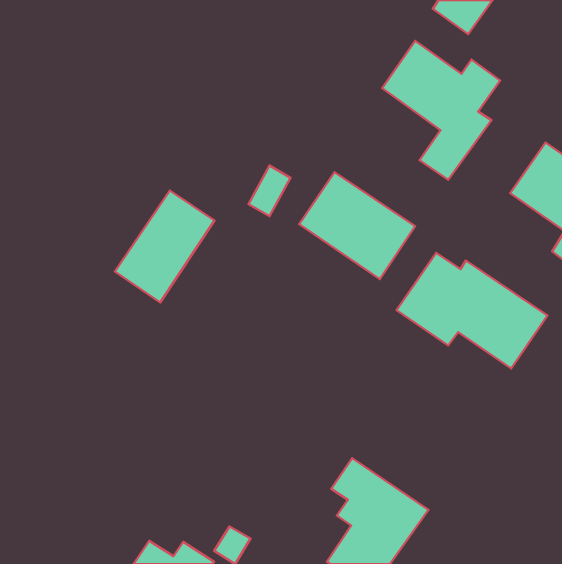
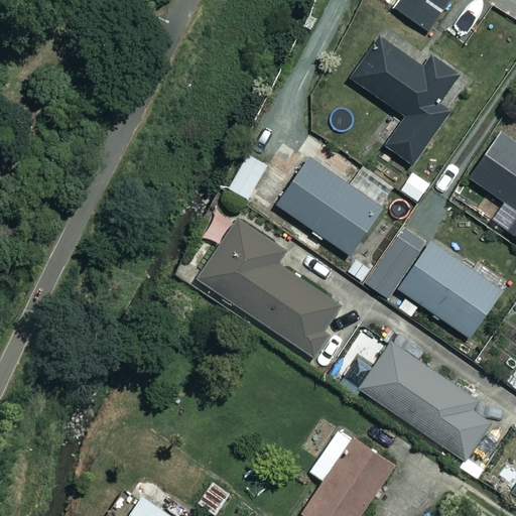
building: [115,191,215,303] -> none
building: none -> [197,218,343,354]
building: none -> [359,343,498,463]

